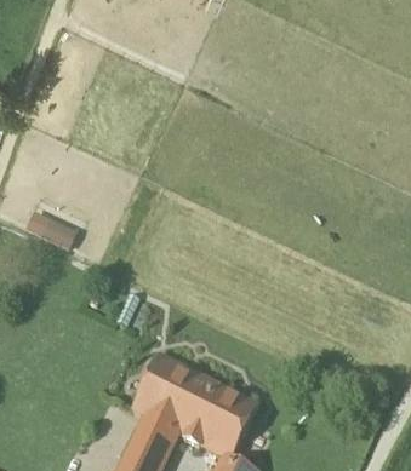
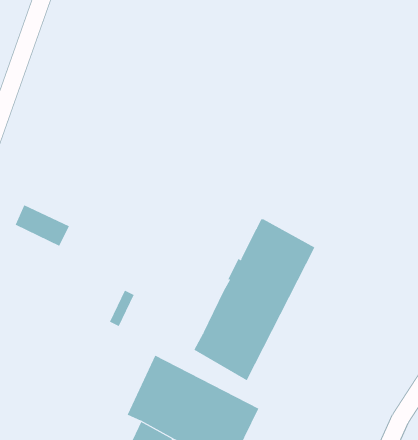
building: none -> [193,219,315,381]

